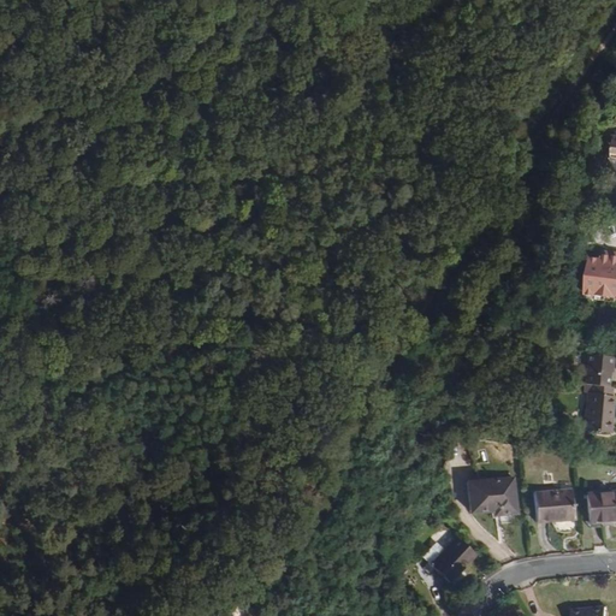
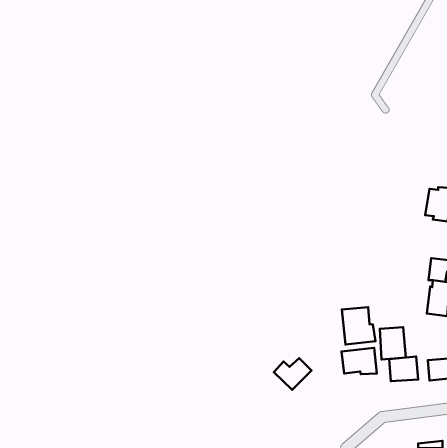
building: none -> [342,307,376,344]
building: none -> [380,327,406,360]
building: [426,538,478,581] -> [274,358,312,390]

